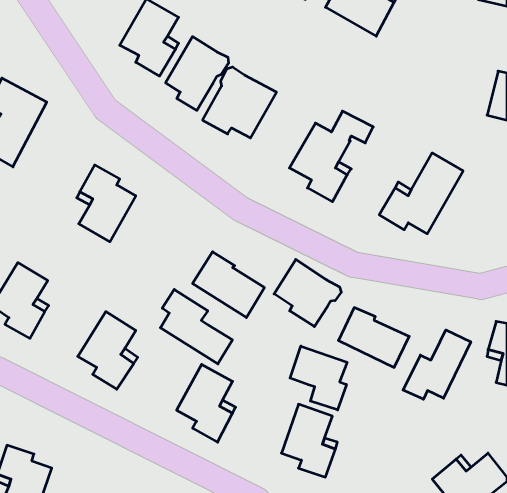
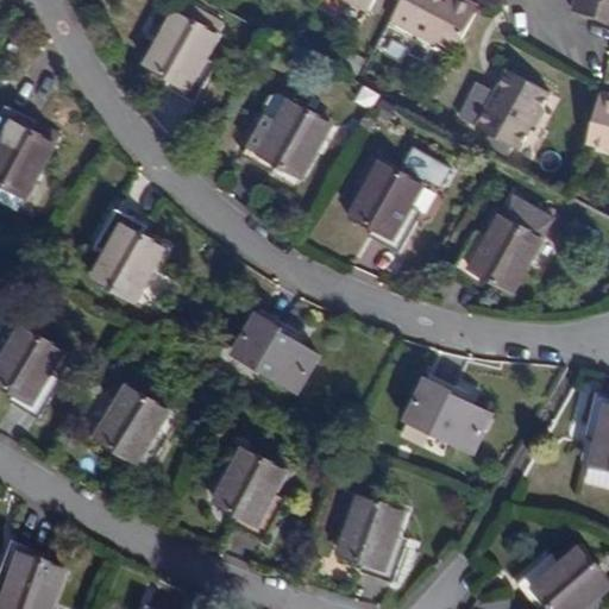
building: [166,37,229,110] -> none
building: none -> [475,69,548,149]
building: [274,259,341,327] -> none
building: [160,289,232,364] -> none
building: [403,330,471,399] -> none
building: [290,346,347,410] -> none

